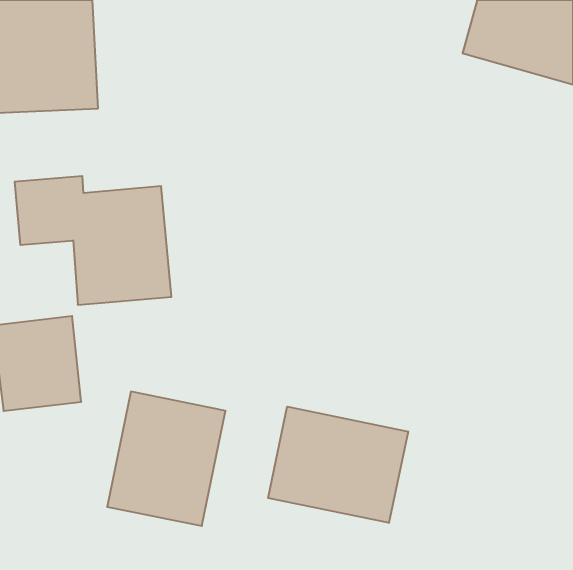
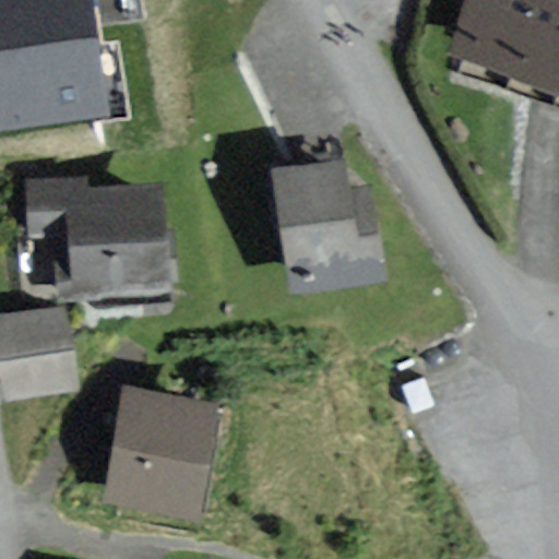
building: none -> [272,157,386,292]
building: [268,407,408,523] -> none

